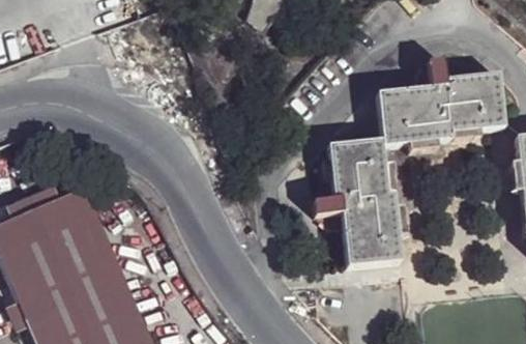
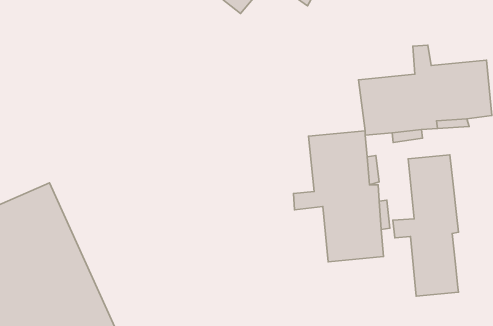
building: none -> [393,155,459,296]

